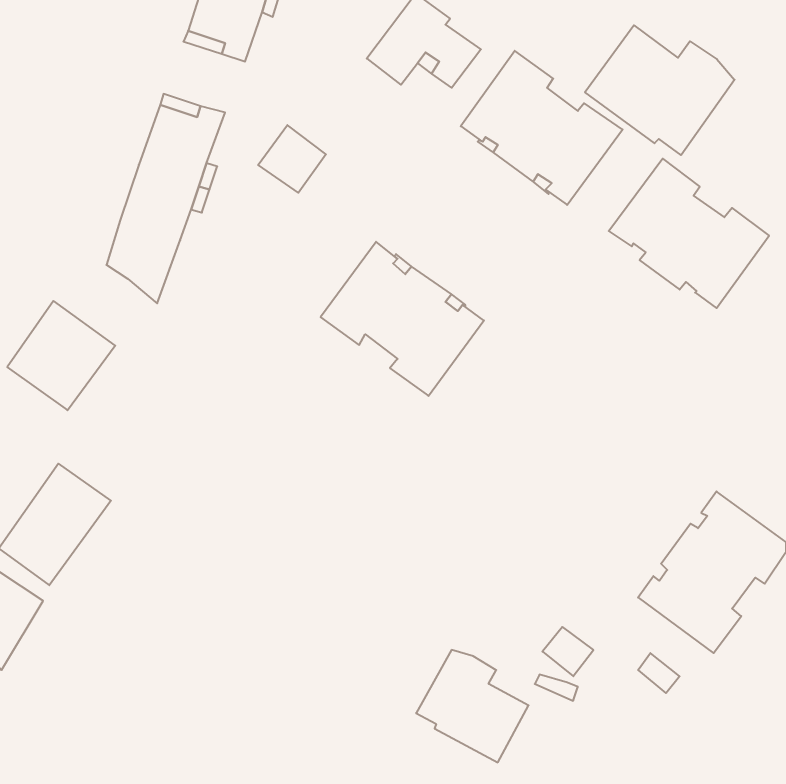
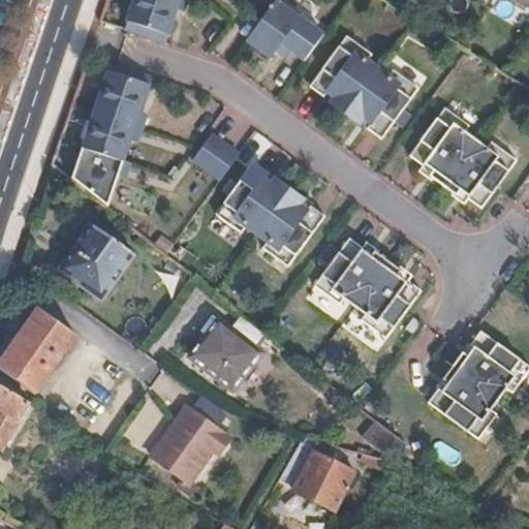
building: [585,25,735,155] -> none
building: [258,125,326,193] -> [192,133,238,179]
building: [7,301,115,410] -> [60,224,132,298]
building: none -> [313,237,421,337]
building: none -> [191,312,269,388]
building: none -> [149,403,229,481]

